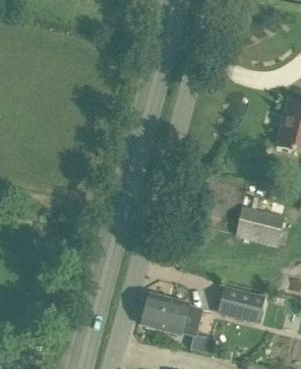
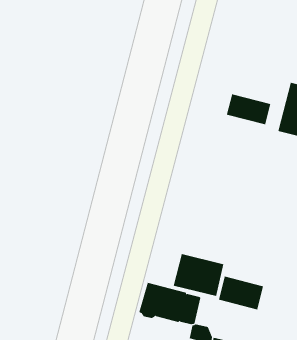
building: none -> [226,93,271,125]
building: [234,204,284,246] -> [173,254,224,296]

